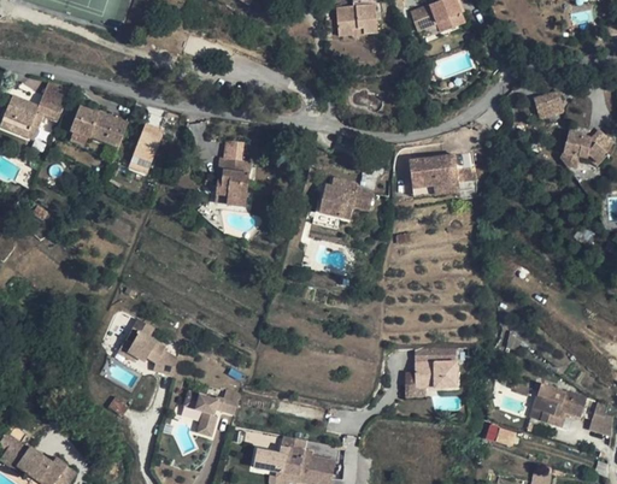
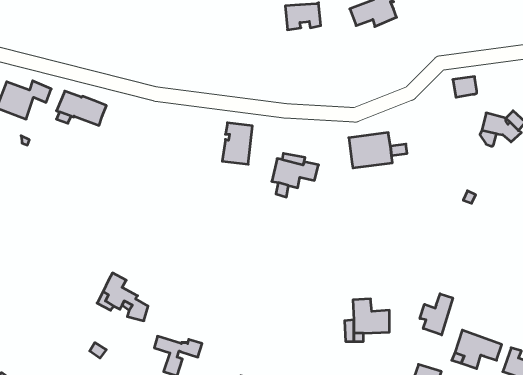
building: [129,124,163,172] -> none
building: [215,157,249,205] -> [222,123,252,164]
building: none -> [420,294,453,335]

